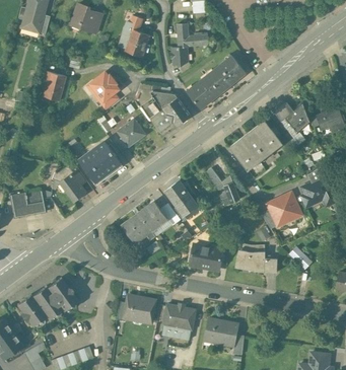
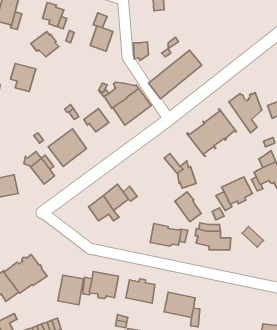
building: [176,23,207,48] -> none
building: [87,72,118,99] -> [31,31,59,57]
building: [165,180,194,213] -> [175,192,201,222]
building: none -> [58,275,84,305]

